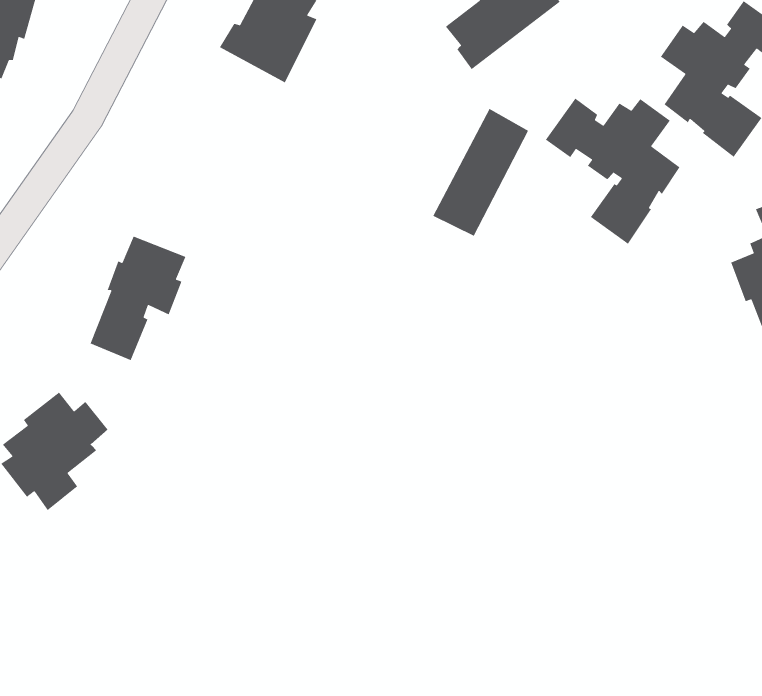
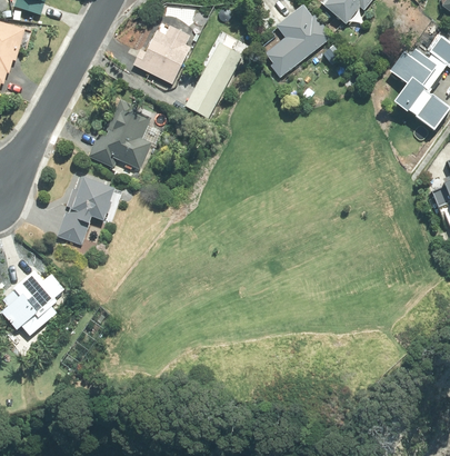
building: [545,97,681,245] -> none
building: [432,108,529,237] -> [184,41,241,117]
building: none -> [88,99,151,169]

